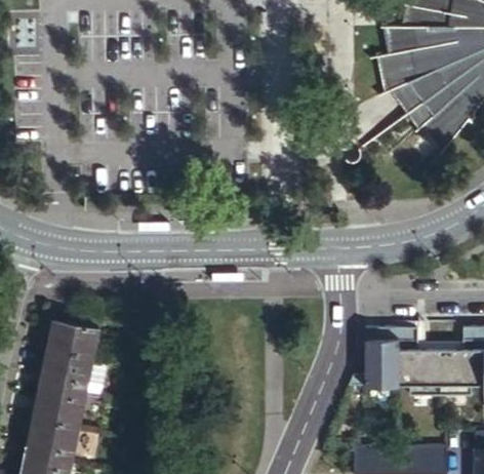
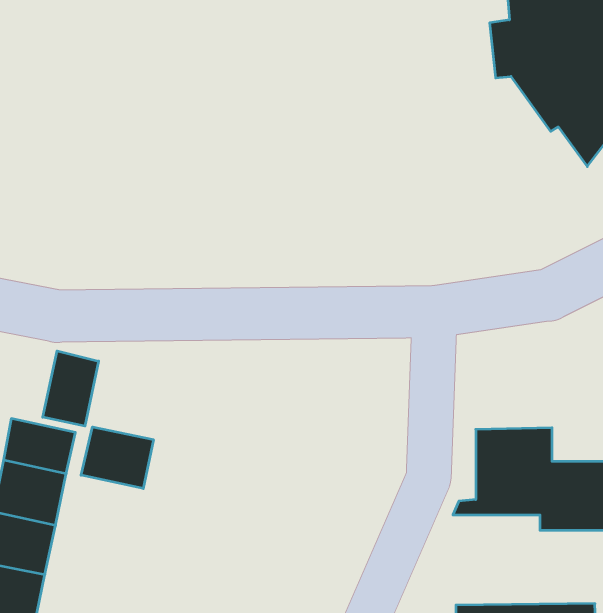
building: none -> [43,351,99,426]
building: none -> [81,427,153,489]

